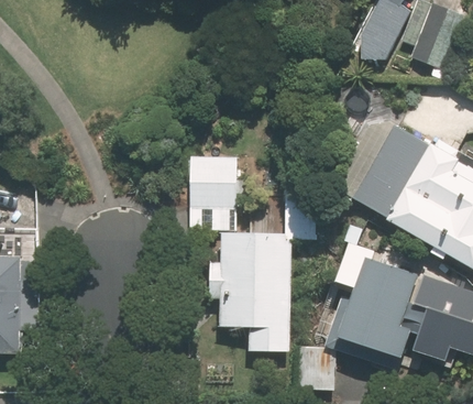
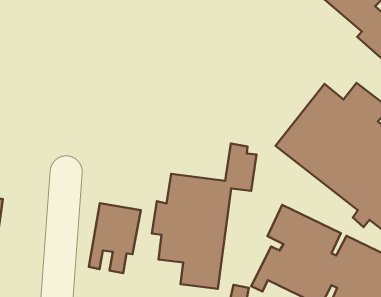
building: [186,156,235,230] -> [89,203,141,273]

